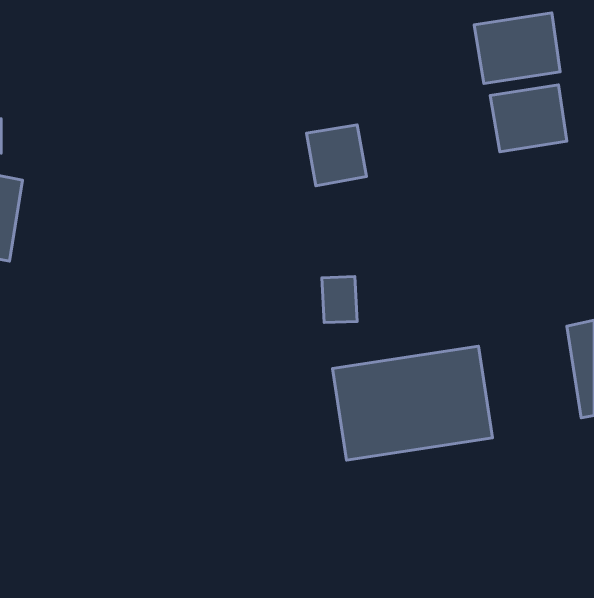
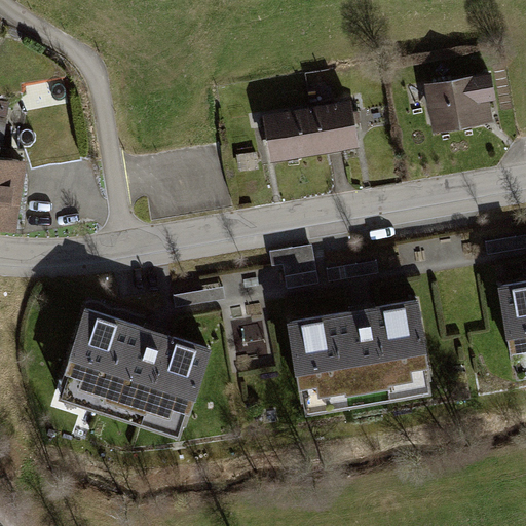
building: [474,13,560,84] -> none
building: none -> [311,101,363,154]
building: none -> [60,309,206,424]

